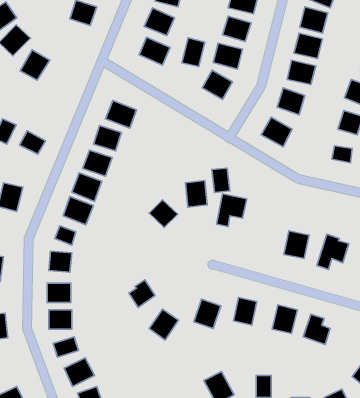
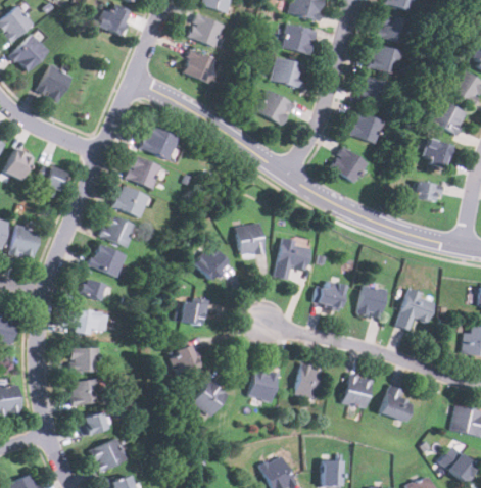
building: [182,38,205,67] -> none
building: [212,168,230,192] -> none
building: none -> [318,280,346,308]
building: none -> [180,295,208,326]

